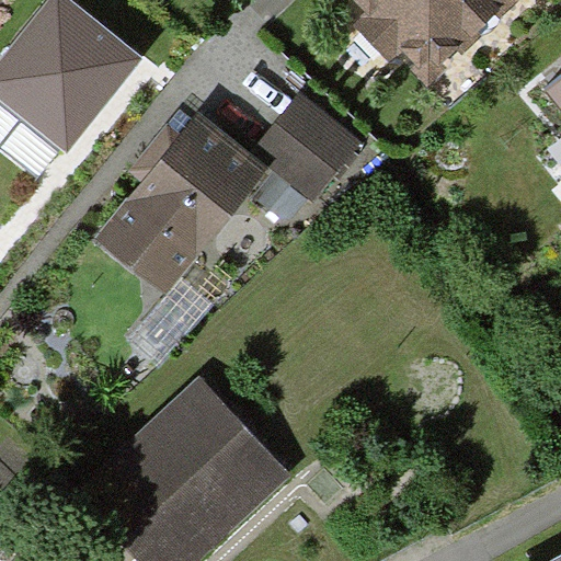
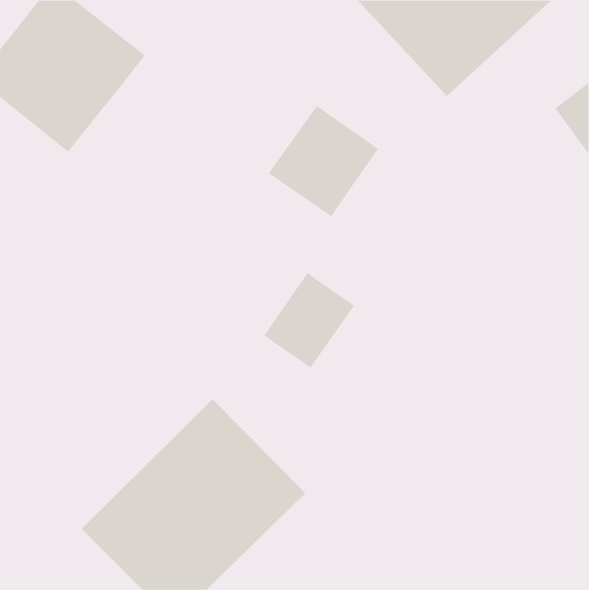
building: [107,118,264,299] -> none
building: none -> [263,272,355,368]

